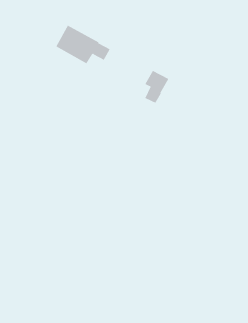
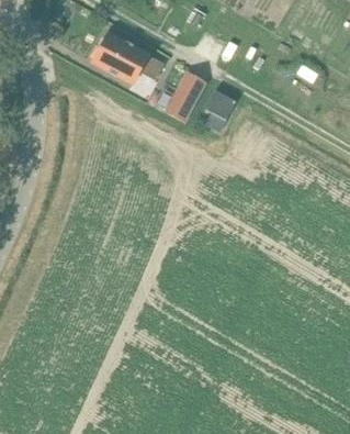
building: none -> [165,70,206,121]

